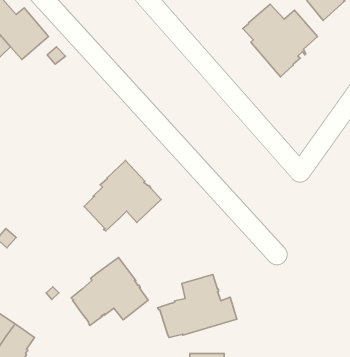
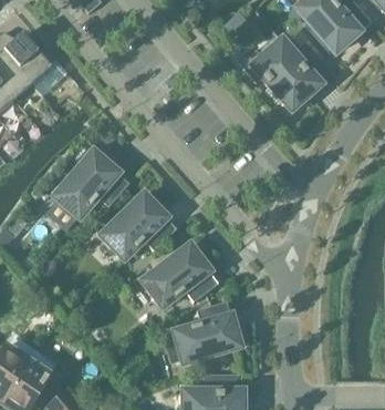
building: none -> [55,144,128,218]
building: [71,258,148,325] -> [143,242,217,307]

